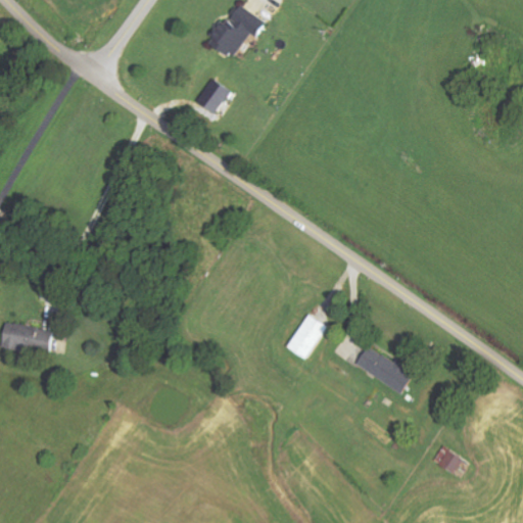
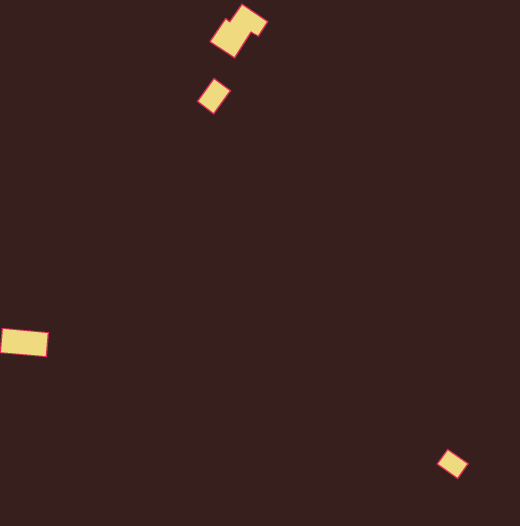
building: [287,313,324,359] -> none
building: [355,344,412,393] -> none

